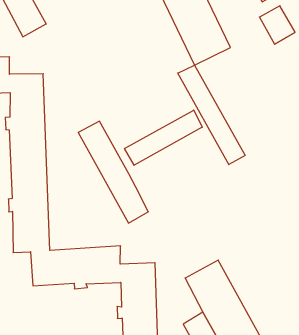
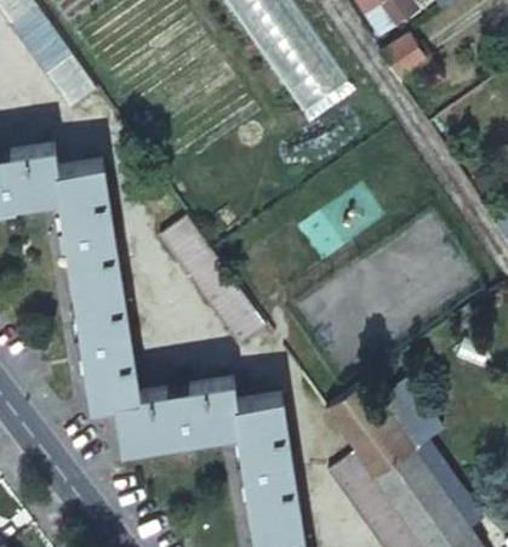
building: [178,65,245,165] -> none
building: [125,110,202,165] -> none

